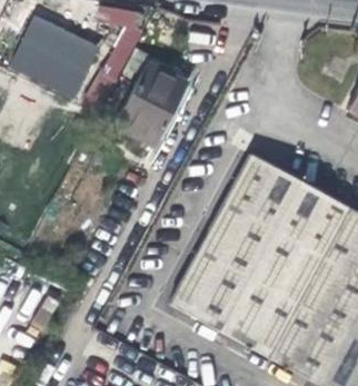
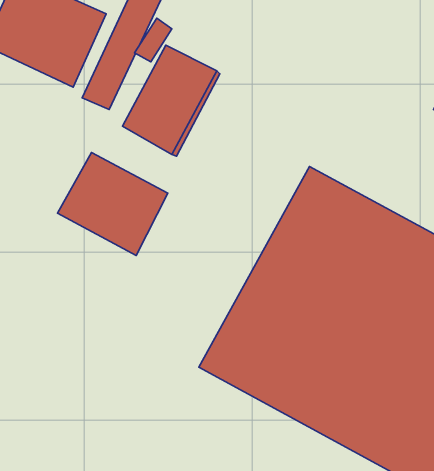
building: none -> [57,153,168,255]

